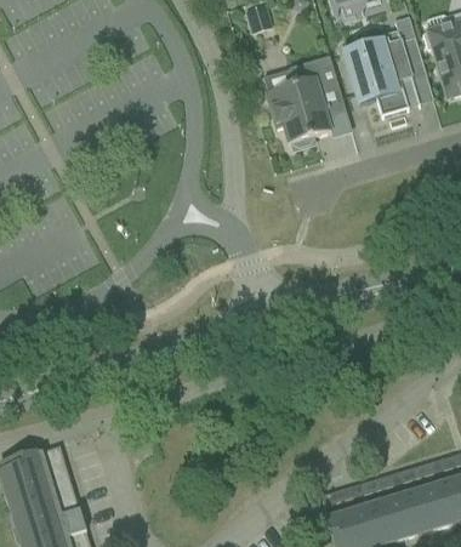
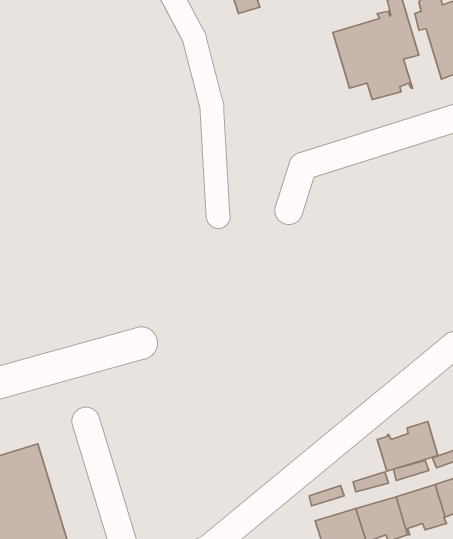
building: [263,55,348,148] -> none
building: none -> [377,421,438,471]

